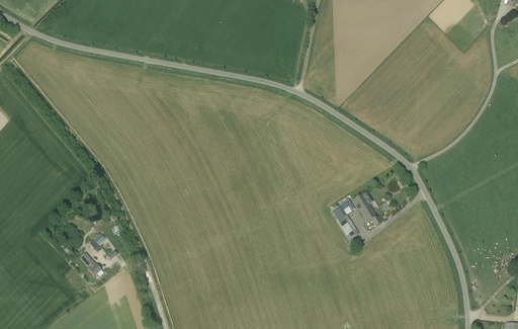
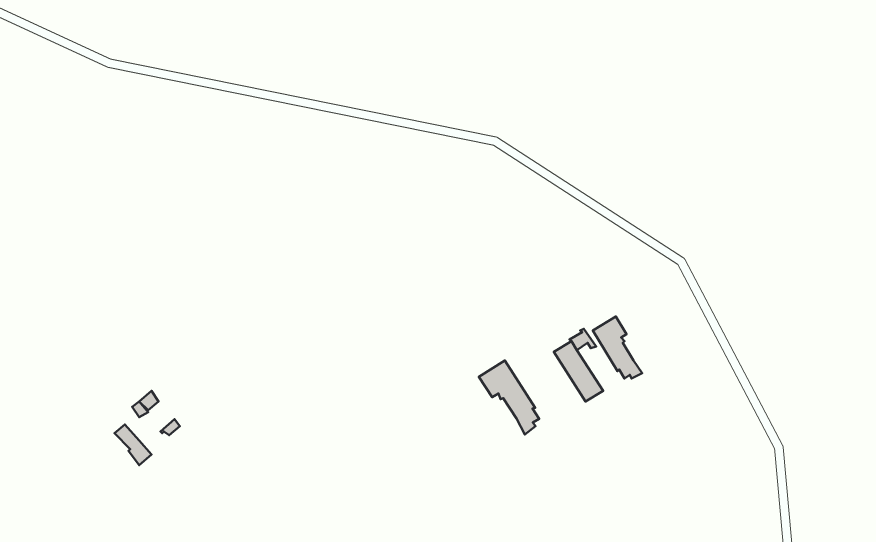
building: none -> [479,360,539,434]

